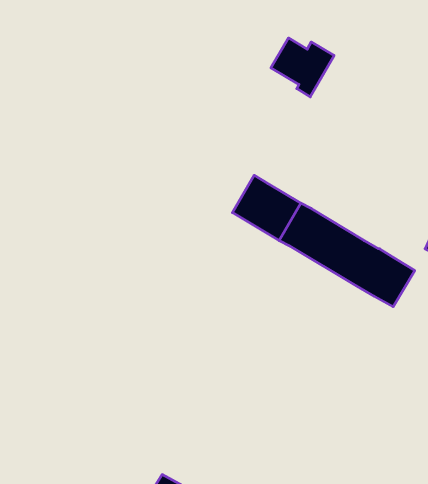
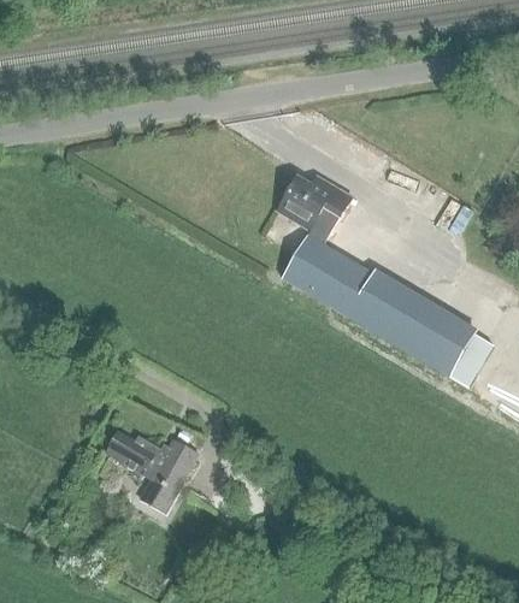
building: [271,38,334,97] -> [277,175,350,243]
building: none -> [105,430,197,512]

